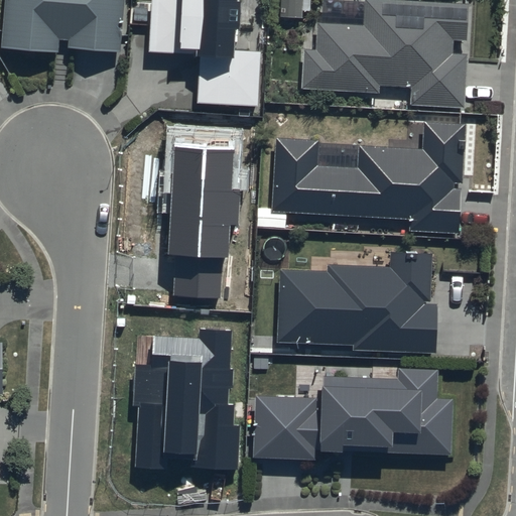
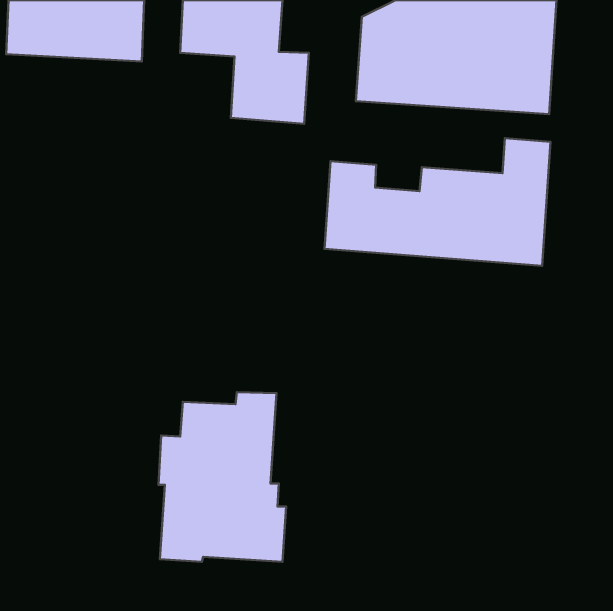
building: [166,144,239,301] -> none
building: [277,251,436,345] -> none
building: [254,366,447,453] -> none

